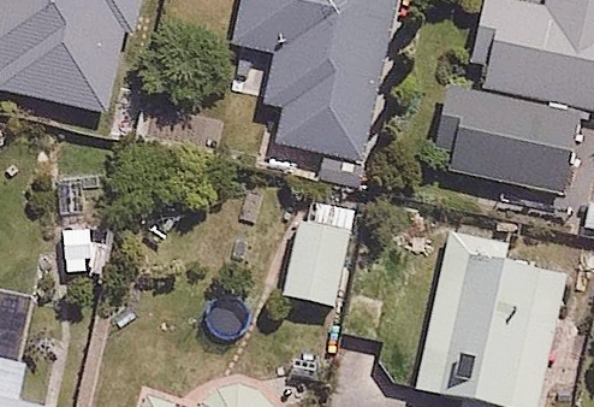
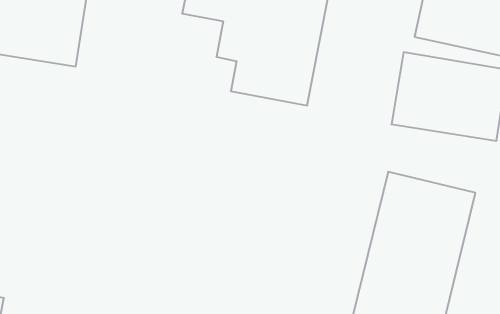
building: [285,204,356,306] -> none

